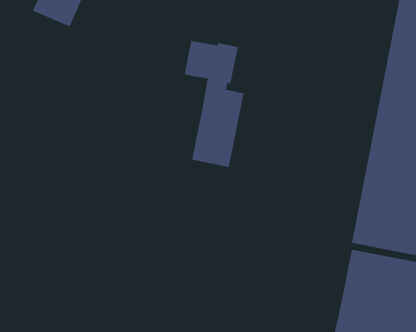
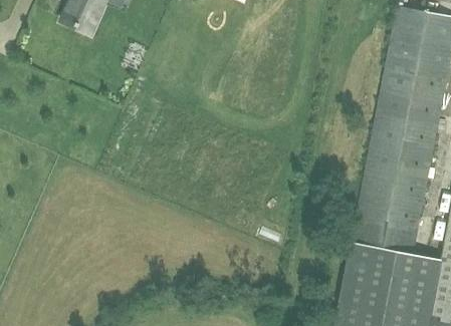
building: [184,40,244,168] -> none

